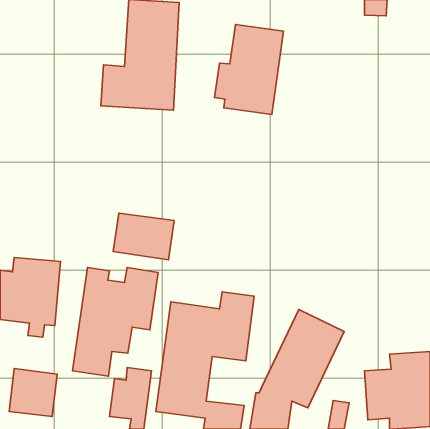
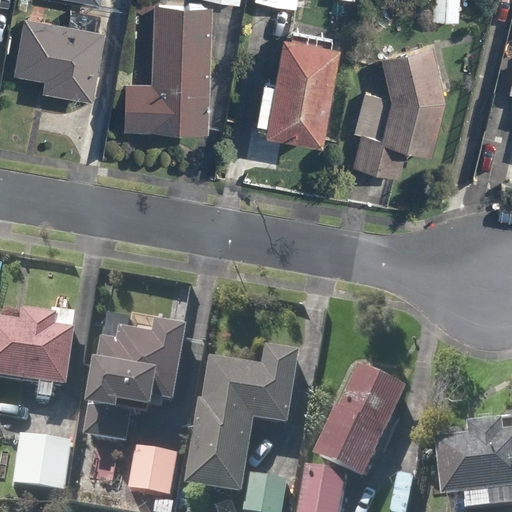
building: none -> [12,12,106,98]
building: none -> [349,43,445,175]
building: [113,213,174,260] -> none

